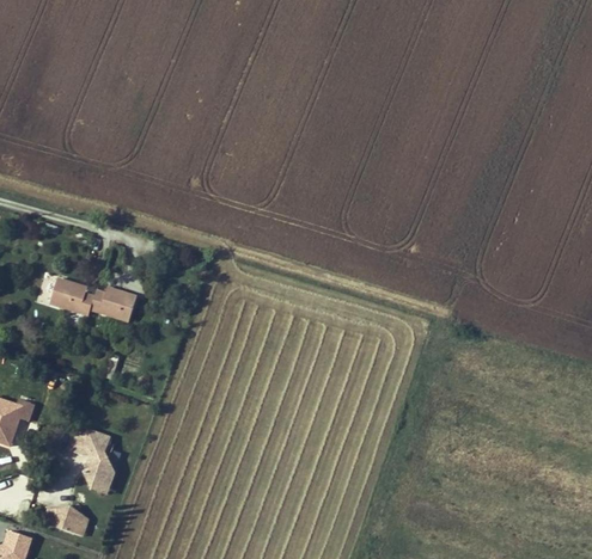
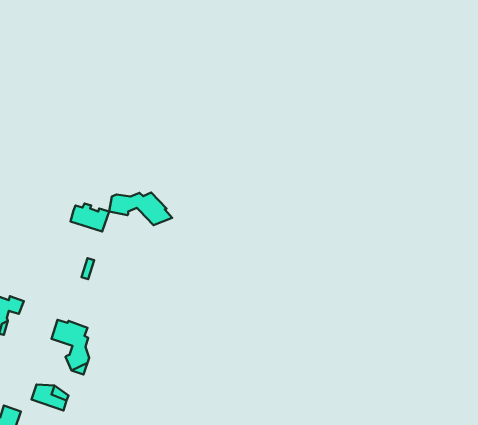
building: none -> [109,193,172,225]
building: [49,278,93,315] -> none

